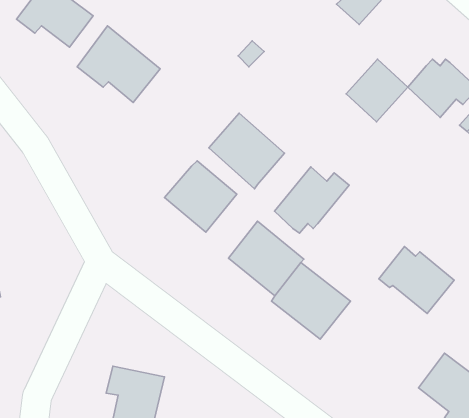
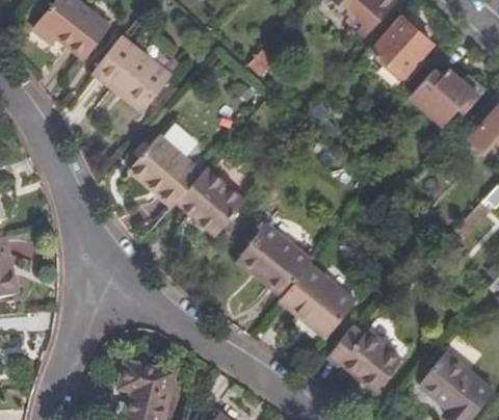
building: [346,59,408,122] -> [372,17,431,77]
building: [209,113,285,189] -> [129,132,202,205]
building: [275,167,349,233] -> none
building: [379,247,454,314] -> [326,323,399,388]

